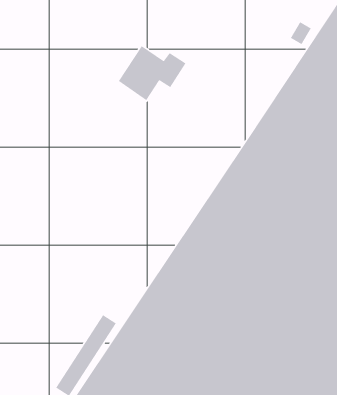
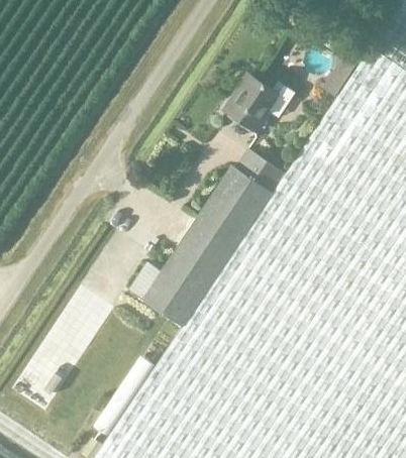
building: [118,45,186,101] -> [226,76,296,132]
building: none -> [129,150,285,328]

